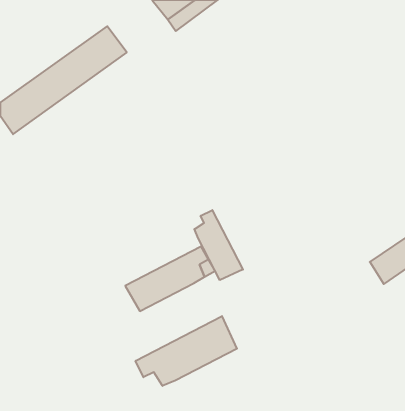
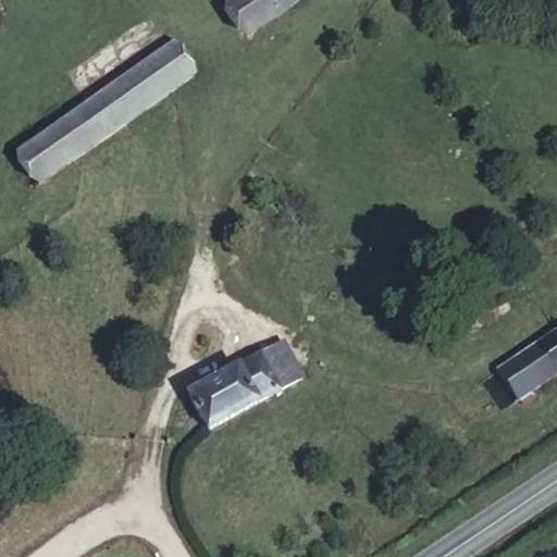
building: [194,210,243,280] -> none
building: [136,316,237,386] -> none

